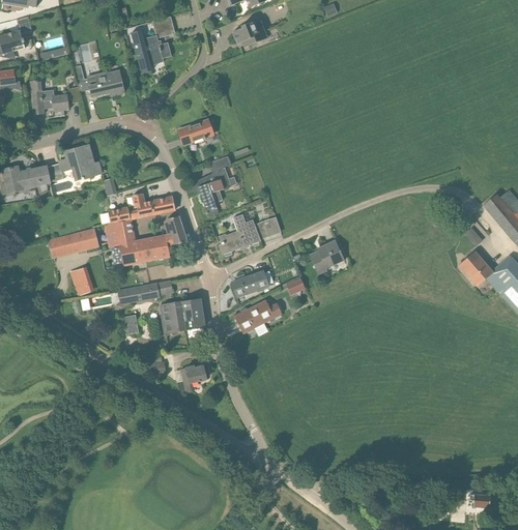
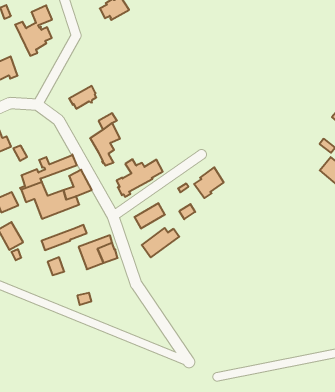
building: [177,364,206,392] -> none

